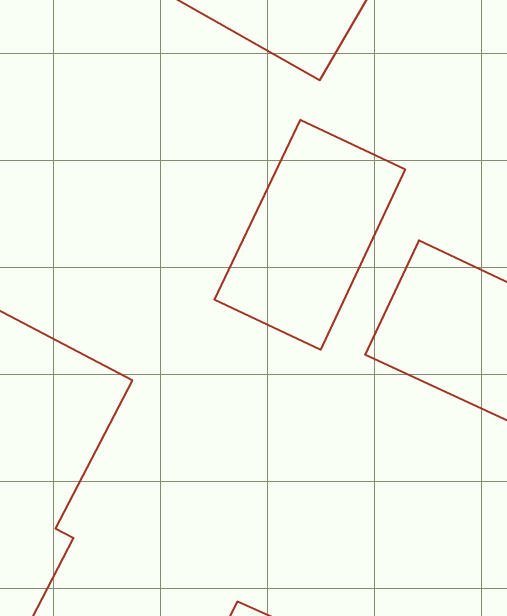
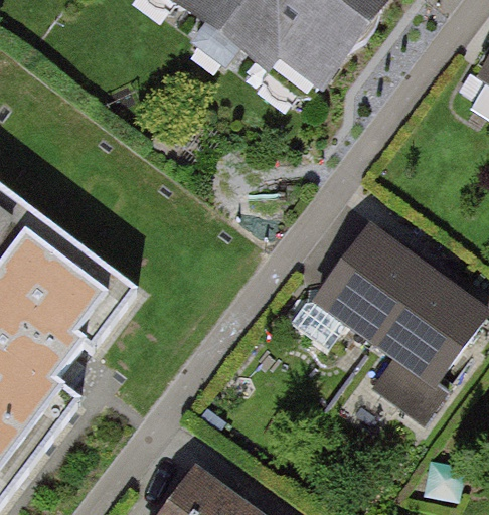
building: [214,120,405,350] -> none

